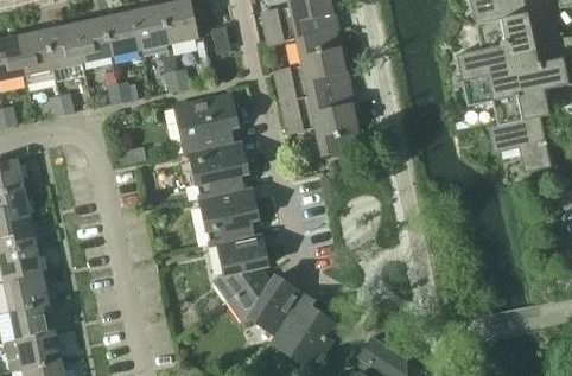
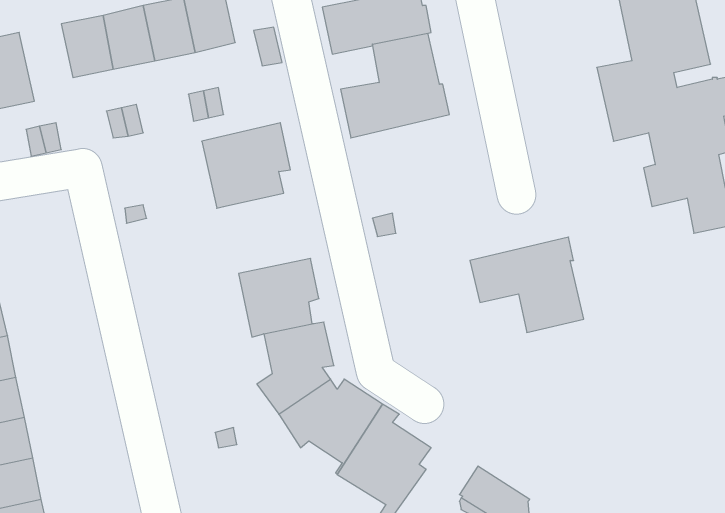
building: [45,23,83,77] -> none
building: [280,87,361,154] -> [470,237,584,332]
building: [190,141,252,199] -> none

